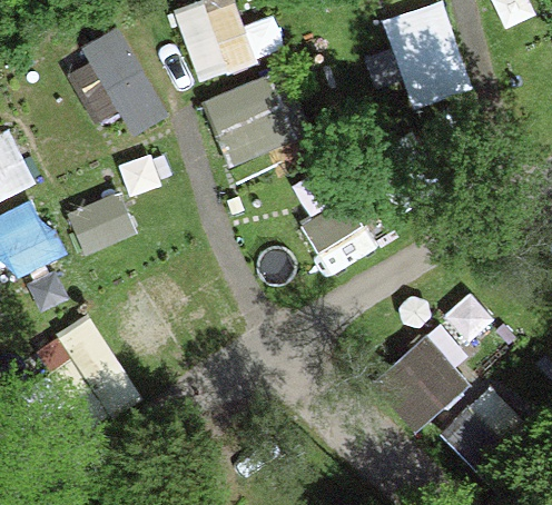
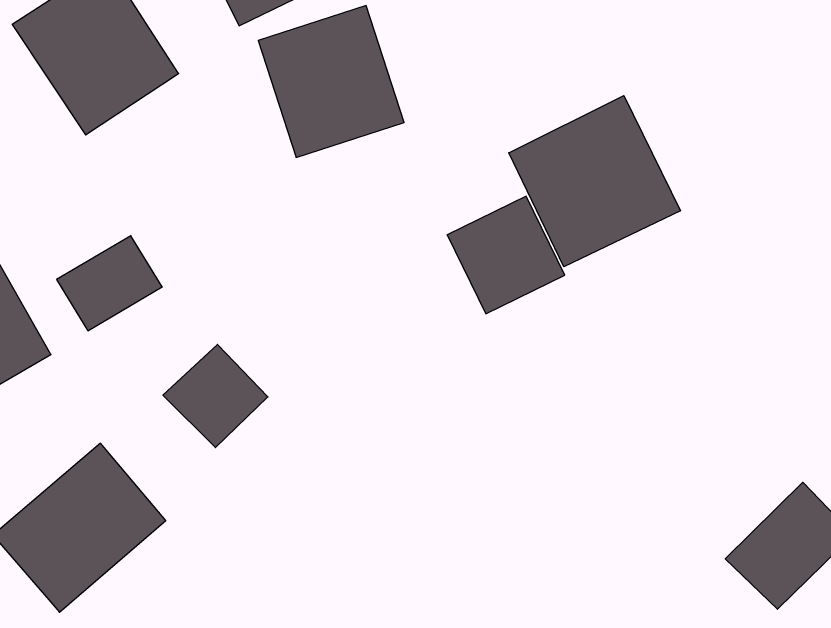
building: none -> [509,96,680,267]
building: [371,293,500,433] -> none

